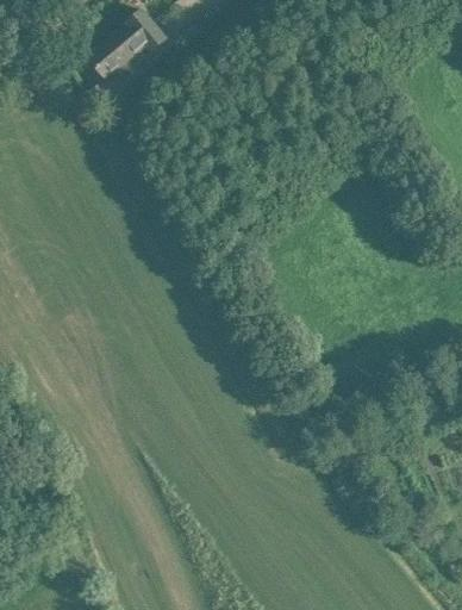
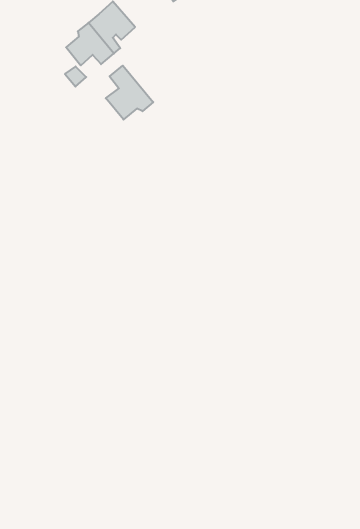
building: none -> [106,66,153,120]

